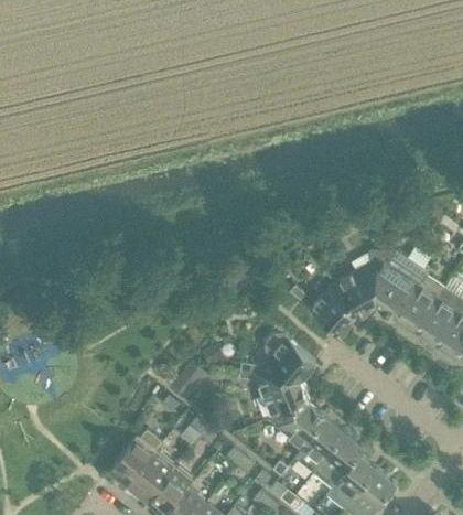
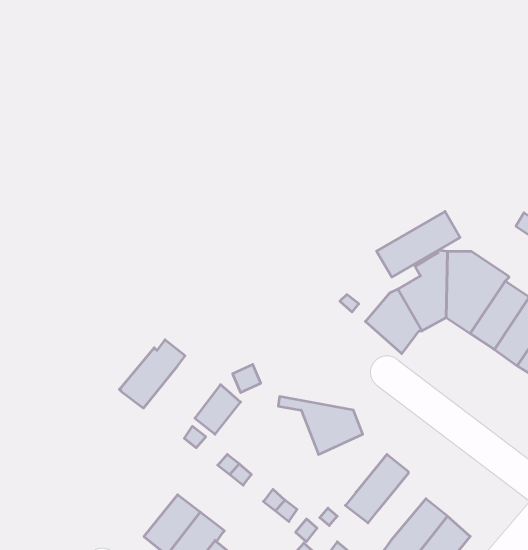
building: none -> [377,211,460,277]
building: [240,334,316,380] -> none
building: [272,400,329,448] -> none
building: [109,428,163,484] -> [119,340,185,408]
building: [313,432,365,487] -> none

